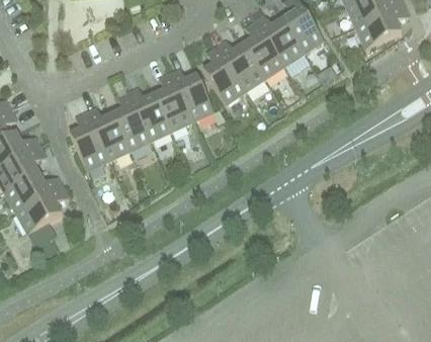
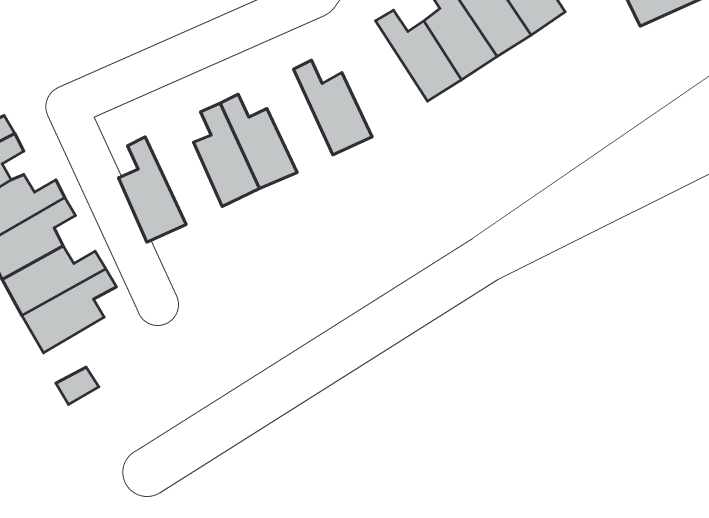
building: [204,46,246,104] -> none
building: [155,73,192,132] -> none
building: [86,106,130,161] -> none

